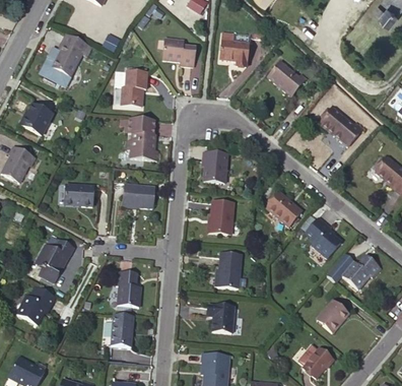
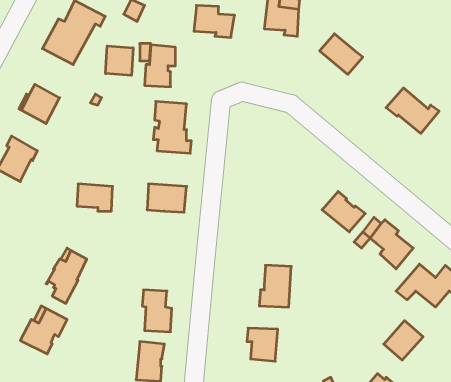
building: none -> [106,46,133,75]
building: [202,153,226,184] -> none
building: [209,200,232,233] -> none

